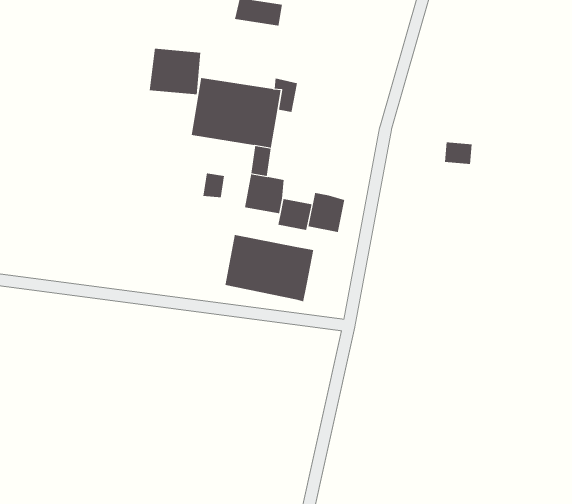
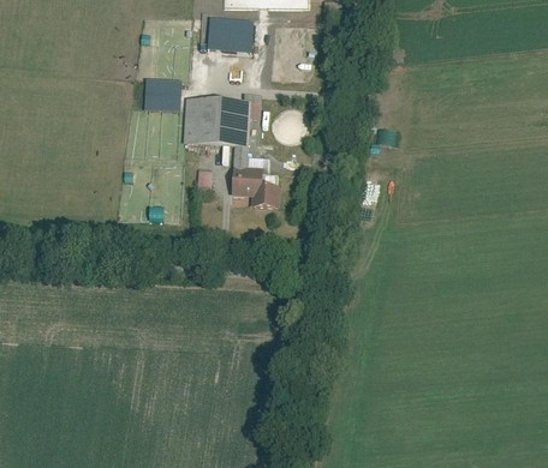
building: [308,192,345,233] -> none
building: [225,234,314,302] -> none

